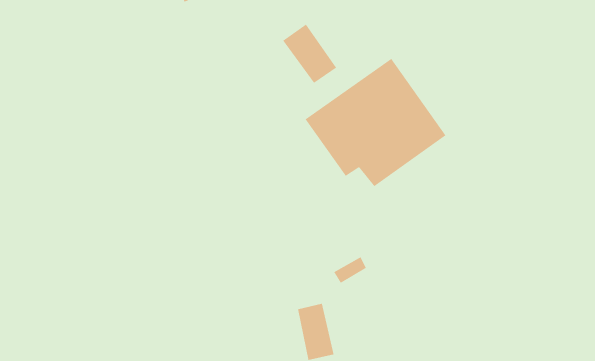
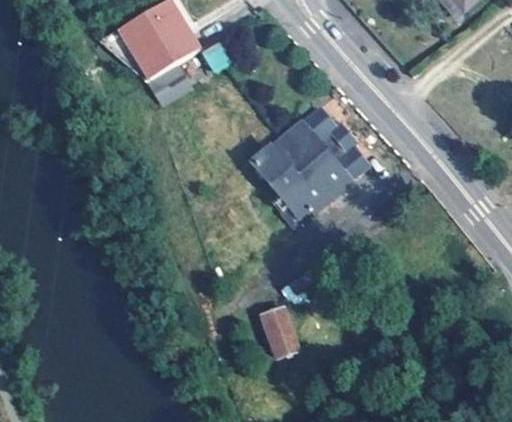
building: [282,23,337,84] -> none

